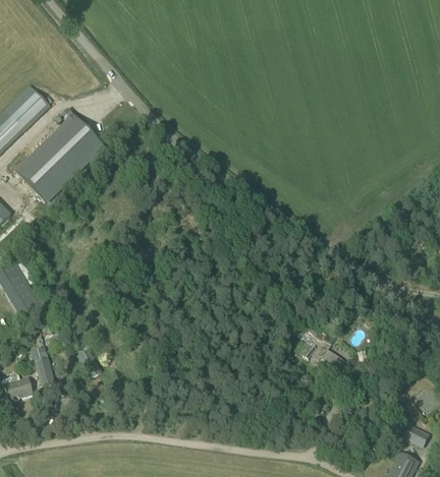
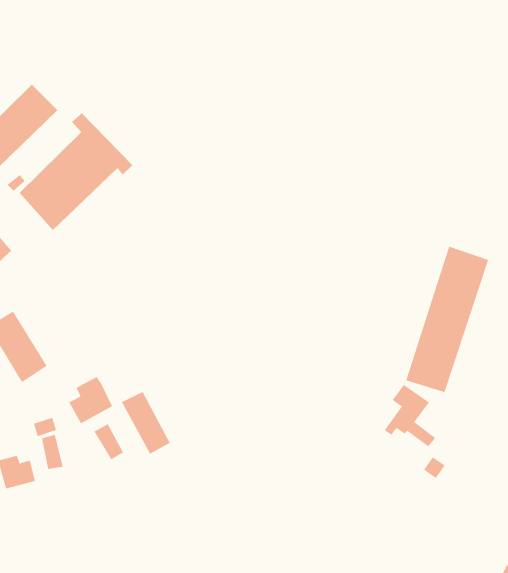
building: none -> [405,246,489,393]
building: none -> [69,376,113,424]
building: none -> [121,391,170,454]

